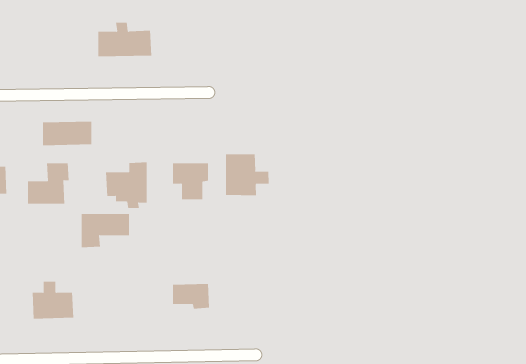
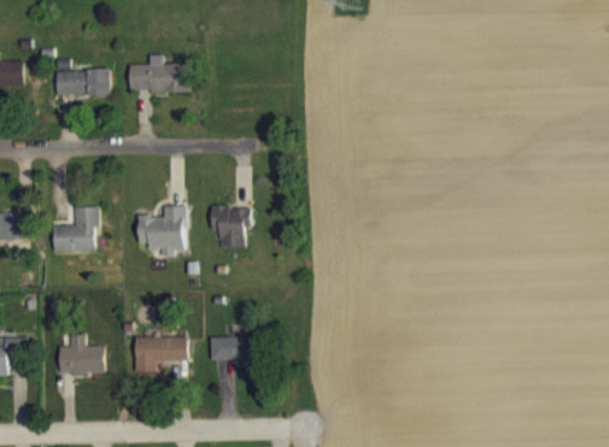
building: [42,121,92,146] -> [57,69,111,95]
building: [226,153,269,196] -> none
building: [81,213,130,248] -> [135,336,188,374]

